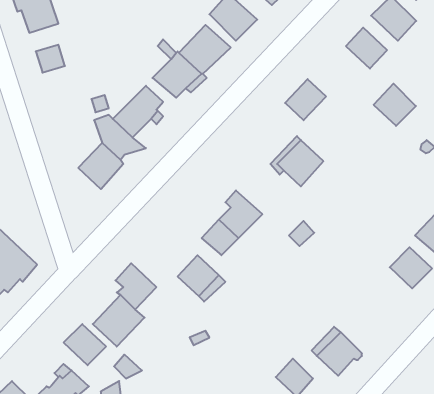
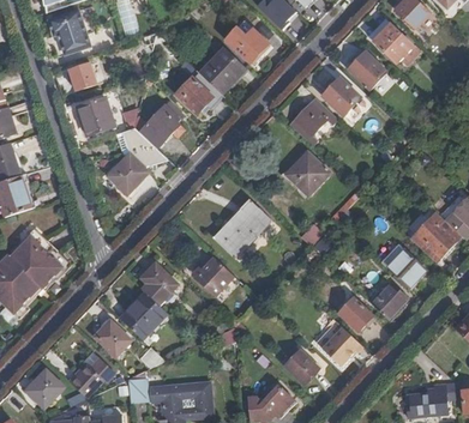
building: none -> [77,98,114,137]
building: [374,84,416,126] -> [323,75,361,114]
building: none -> [373,280,409,316]
building: none -> [339,296,377,328]

